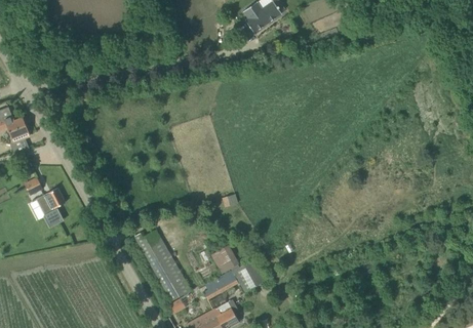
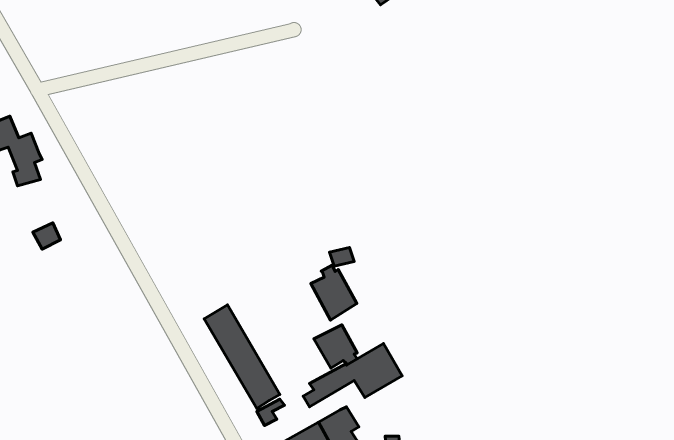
building: [38,188,66,227] -> none
building: none -> [311,265,357,320]

